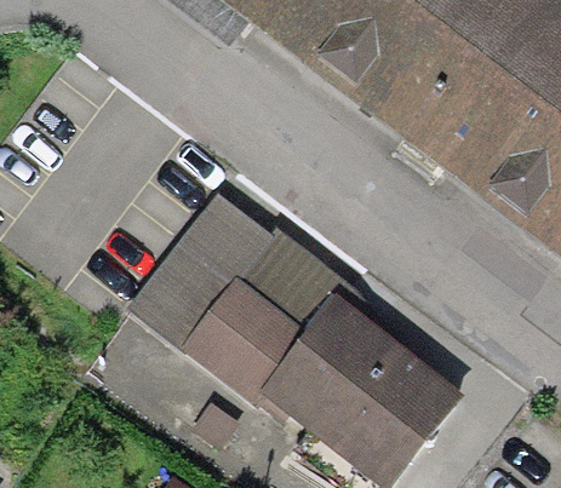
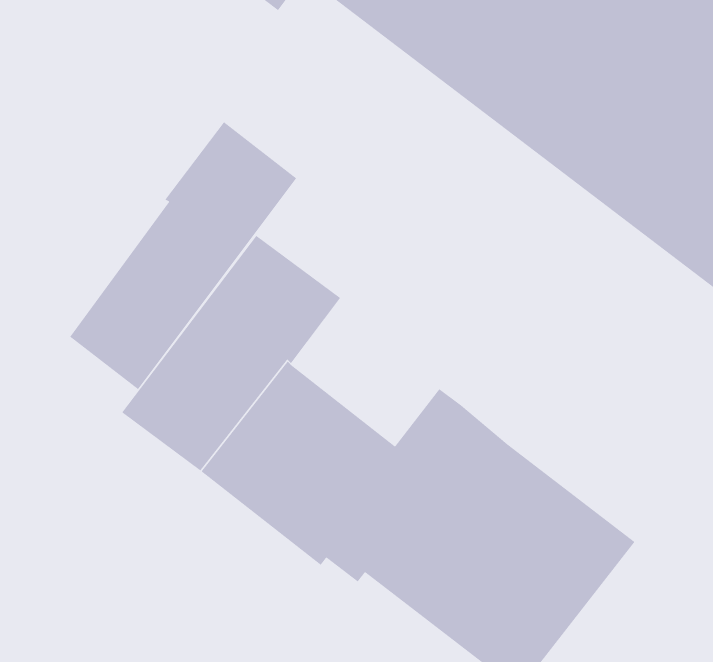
building: none -> [69,121,297,390]
building: [240,225,362,328] -> none

